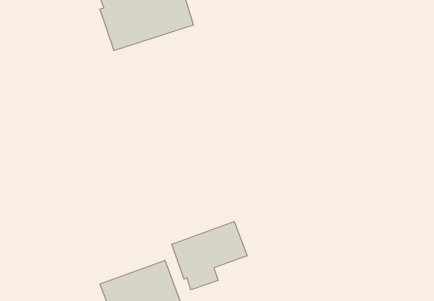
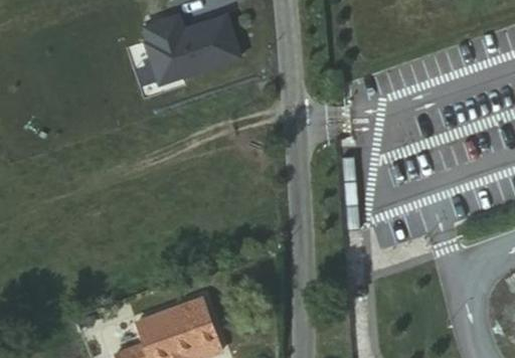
building: [172,221,247,290] -> none

